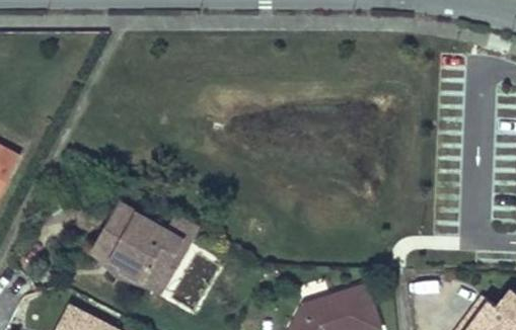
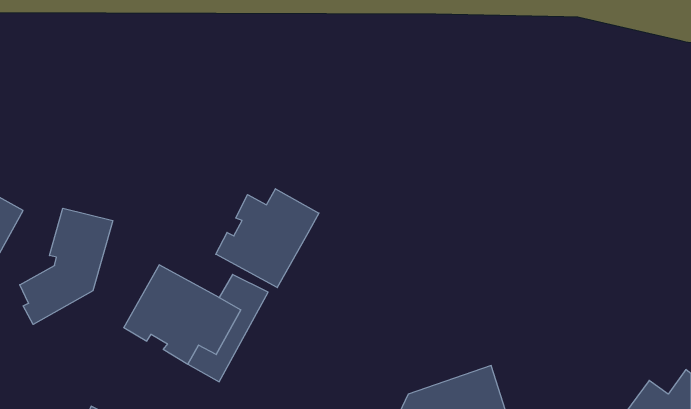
building: none -> [216,189,319,288]
building: none -> [20,208,113,324]

